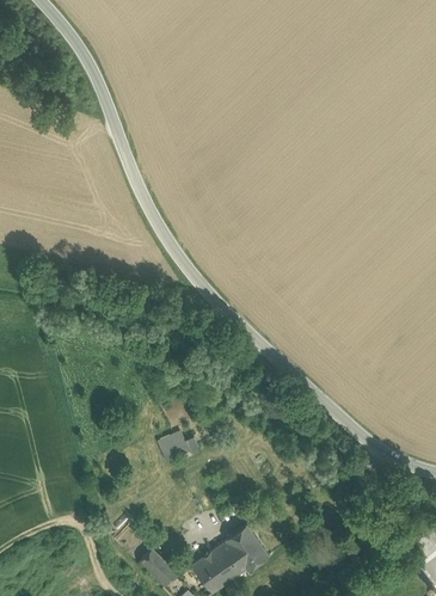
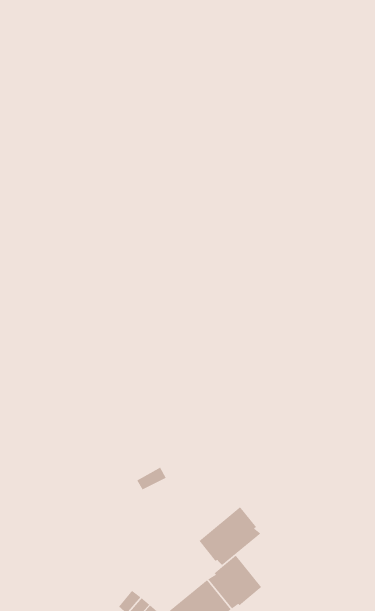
building: none -> [198,506,262,566]

